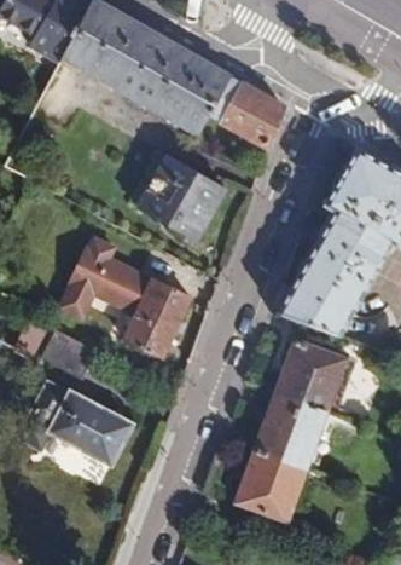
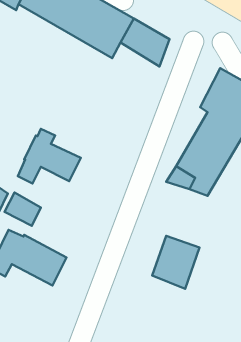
building: [136,155,223,241] -> none
building: [123,278,191,357] -> none
building: [277,342,344,410] -> none
building: [237,451,304,520] -> none

